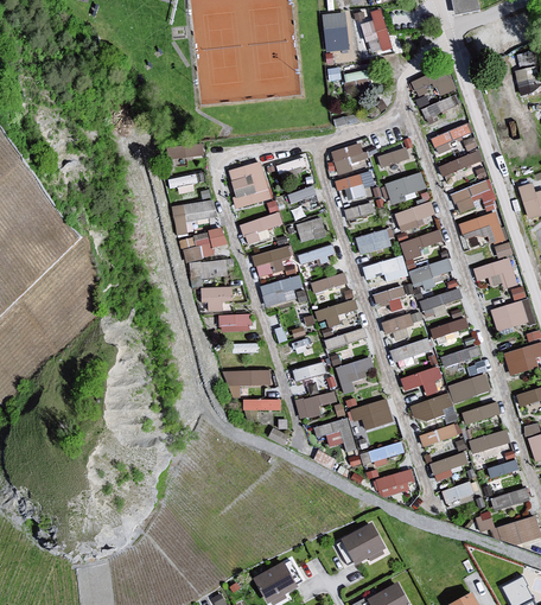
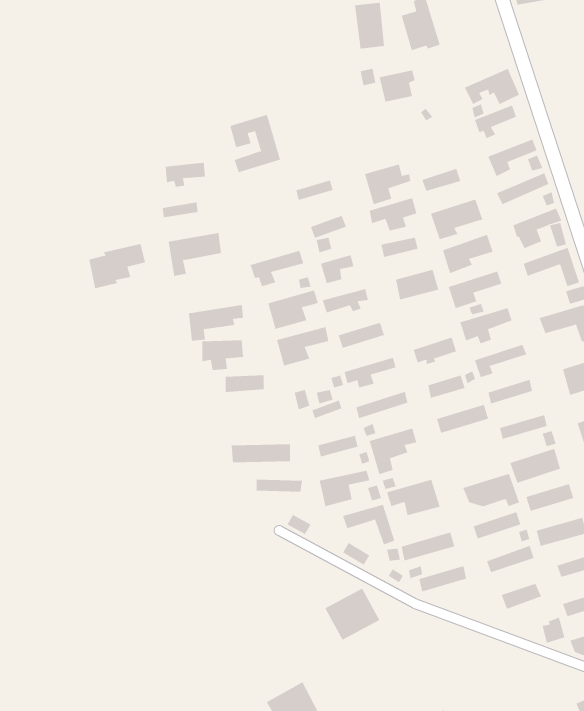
building: [229,161,270,209] -> [229,114,281,173]
building: [179,227,225,263] -> [89,244,146,289]
building: [363,256,408,284] -> none
building: [400,367,443,395] -> none
building: [342,523,387,566] -> [324,588,380,641]

